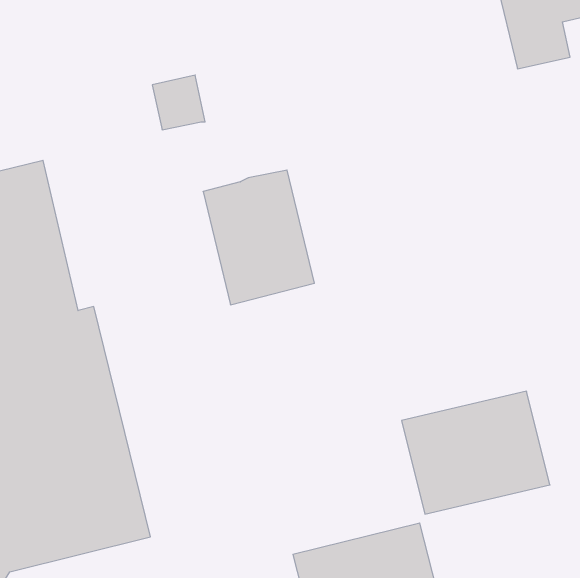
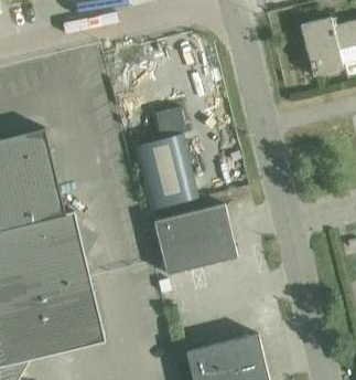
building: [152,75,205,130] -> [155,107,185,138]
building: [402,391,550,514] -> [154,204,238,274]

